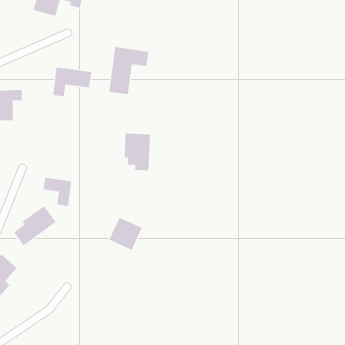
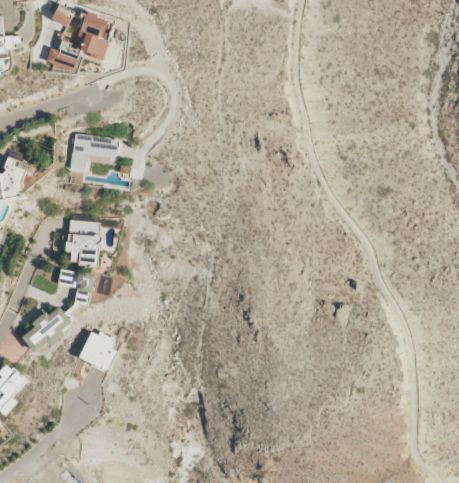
building: [109,46,149,95] -> none
building: [124,133,151,171] -> [66,220,99,267]
building: [109,217,143,250] -> [78,329,120,370]

